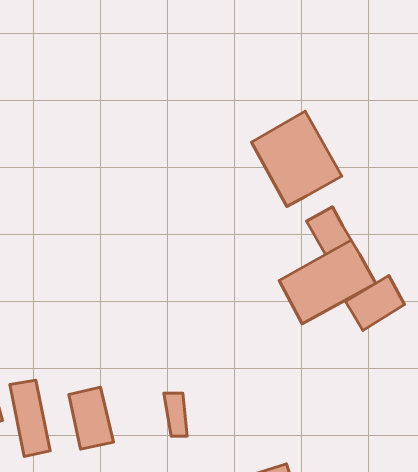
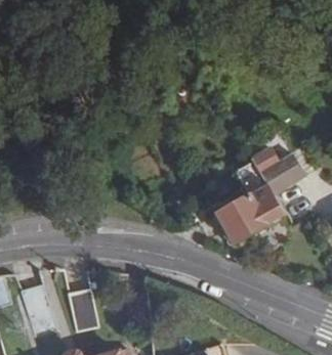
building: [252,111,342,207] -> none
building: [346,276,405,330] -> [261,156,303,194]

